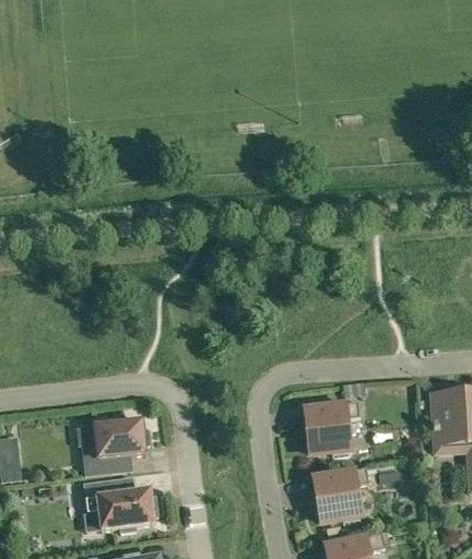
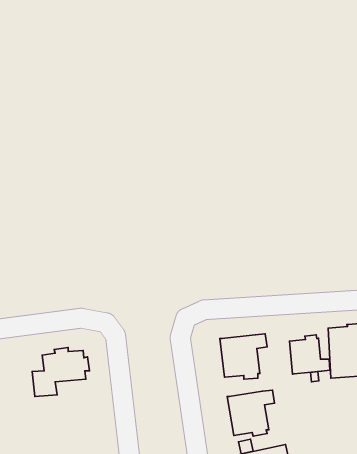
building: none -> [289,335,330,374]
building: [83,478,157,531] -> none

